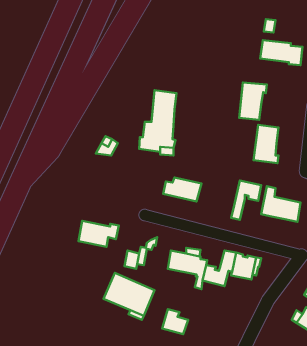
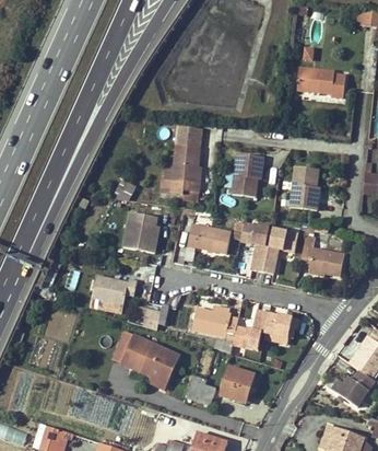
building: [239,82,267,120] -> [232,153,263,196]
building: none -> [125,213,160,253]
building: none -> [240,223,270,271]
building: none -> [221,366,255,398]

